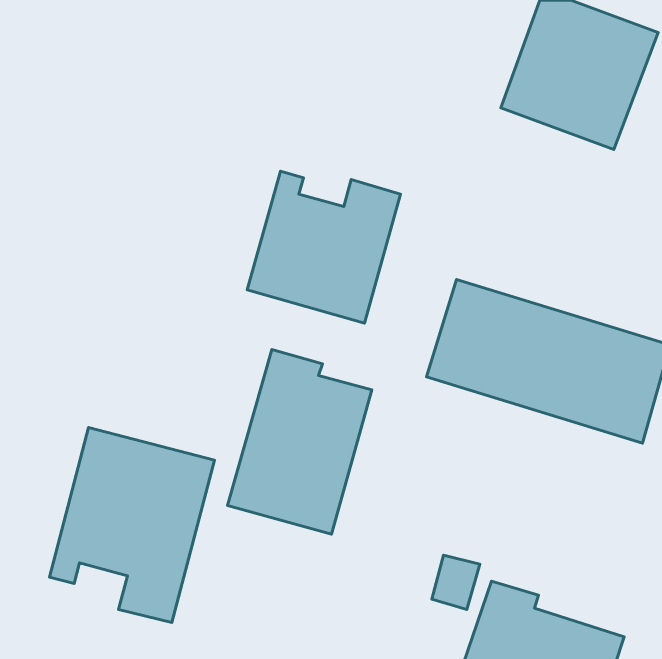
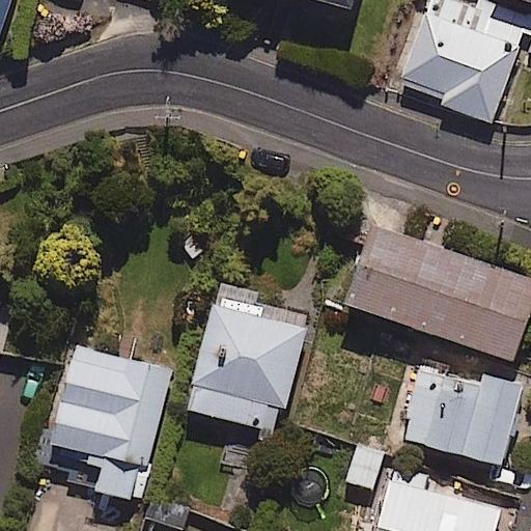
building: [247,171,400,323] -> none
building: none -> [401,358,524,466]

